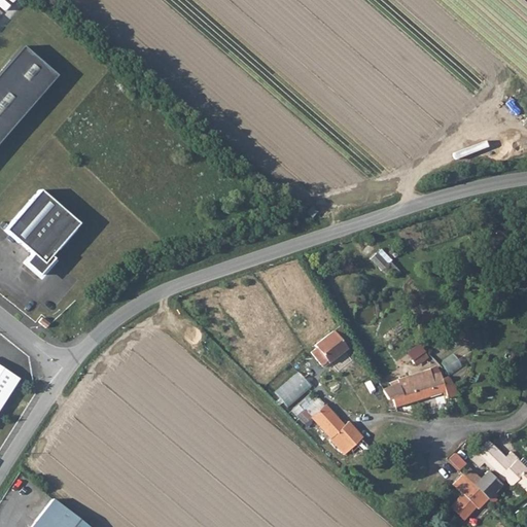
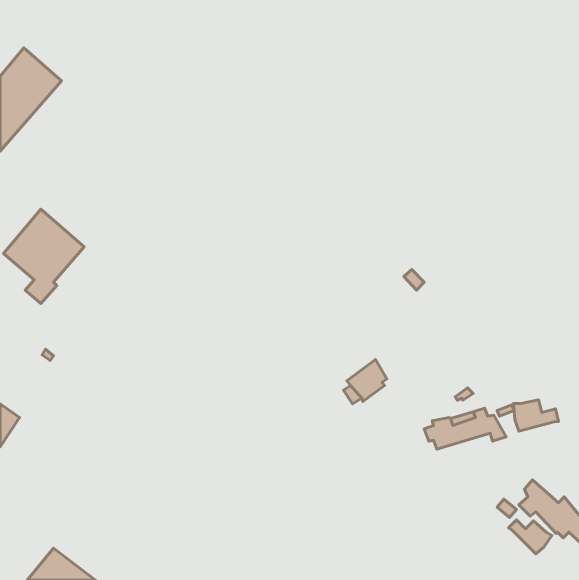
building: none -> [514,400,559,431]
building: [279,374,312,406] -> none
building: [301,398,366,455] -> none
building: [448,478,487,521] -> none

